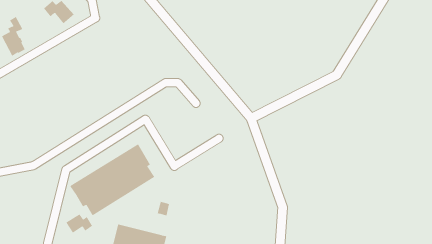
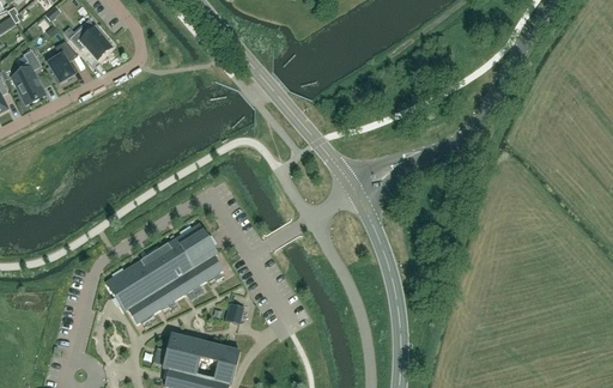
building: none -> [45,41,75,81]
building: [66,214,93,234] -> none

